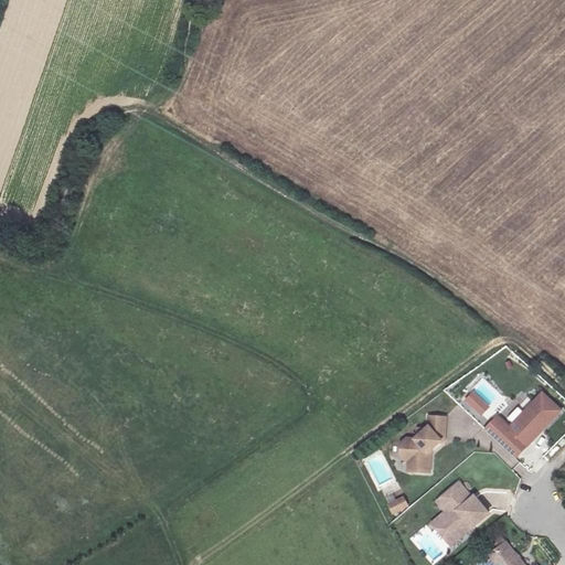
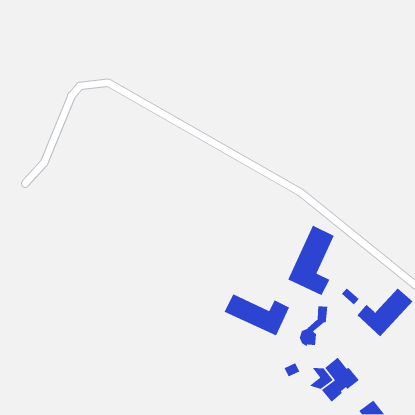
building: none -> [287,225,335,296]
building: none -> [223,293,290,337]

